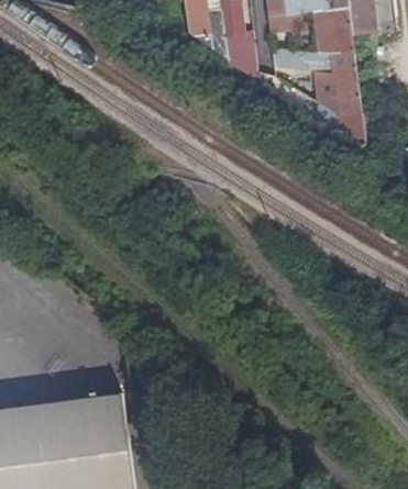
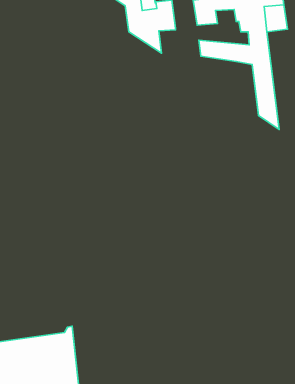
building: [224,34,258,84] -> none
building: [305,75,342,138] -> none

